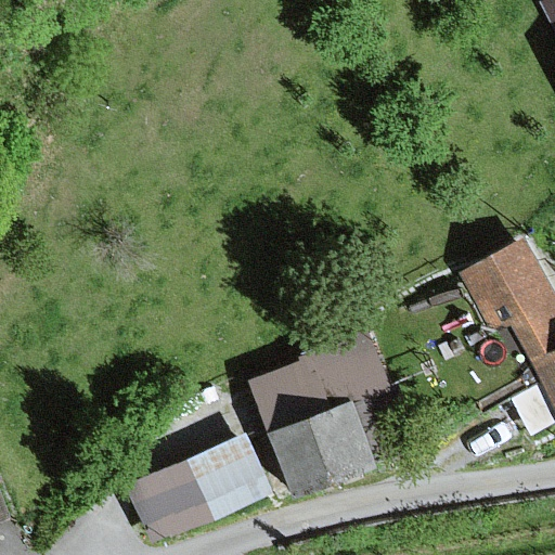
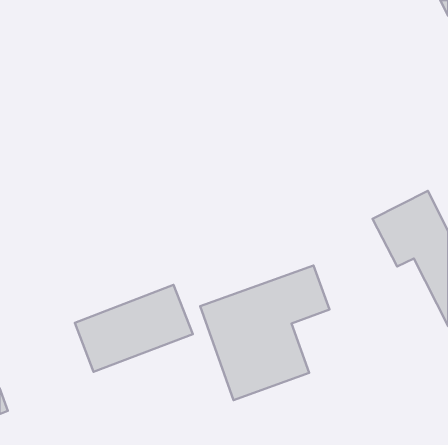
building: [129,434,274,541] -> [75,285,193,372]

